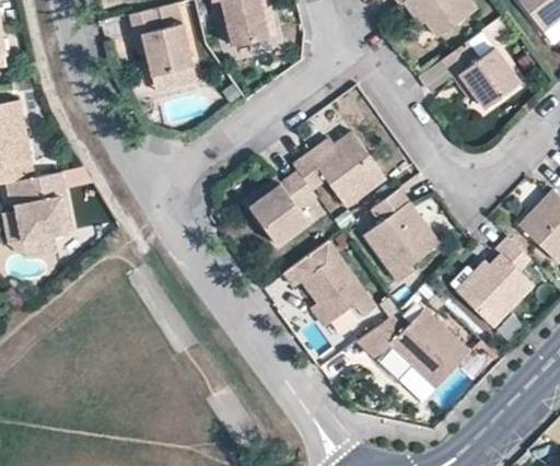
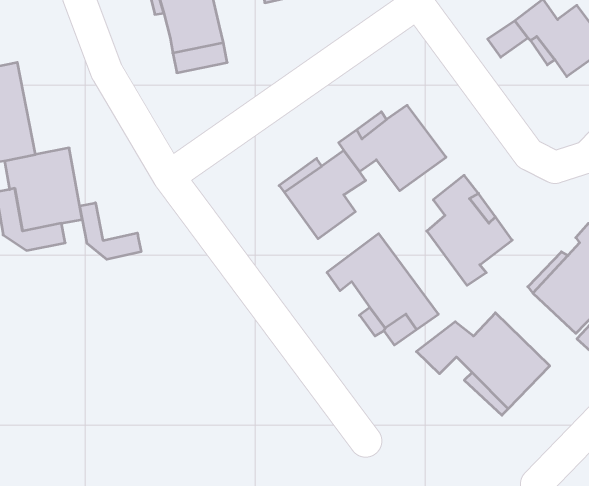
building: none -> [80,203,141,259]

